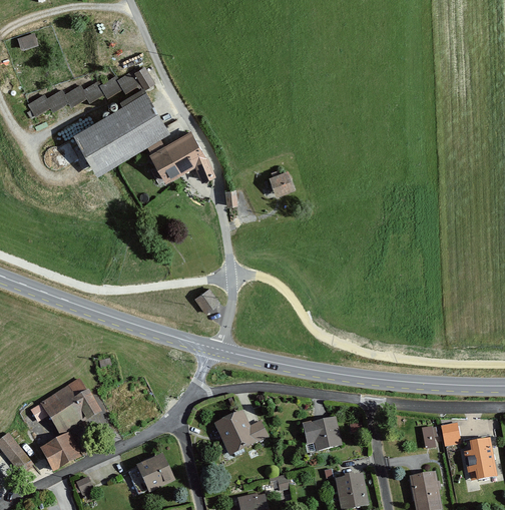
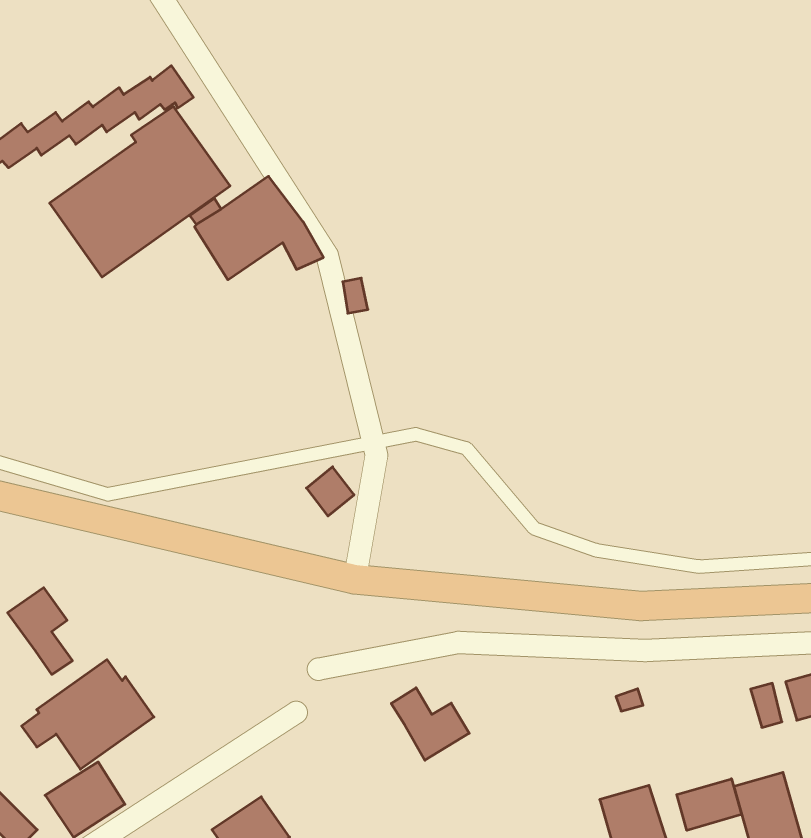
building: [269,168,295,194] -> none
building: none -> [8,588,72,674]
building: [213,416,243,455] -> none
building: [302,417,342,451] -> none
building: none -> [677,779,742,830]

